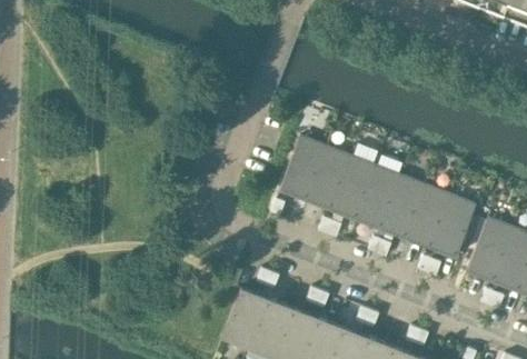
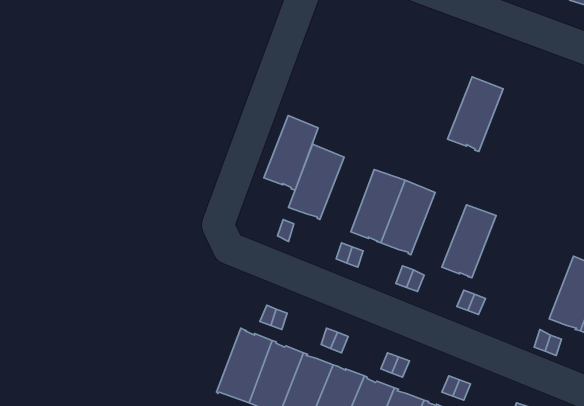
building: [306,148,350,209] -> [264,115,318,190]
building: [380,177,426,238] -> [448,77,503,151]
building: [430,196,476,257] -> none
building: [468,218,514,280] -> none

